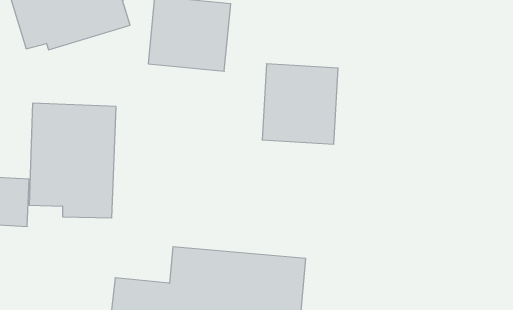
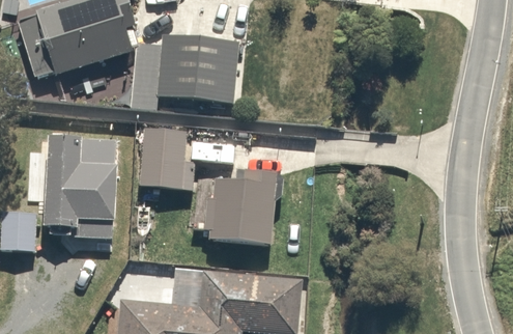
building: [262,64,338,144] -> [204,173,278,251]
building: none -> [137,123,184,186]

